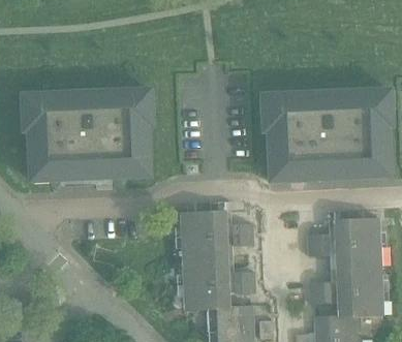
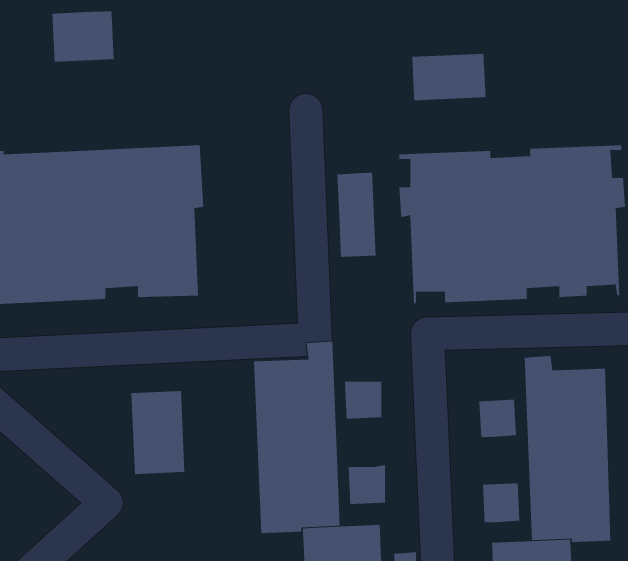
building: none -> [52,10,114,63]
building: none -> [412,53,486,101]
building: none -> [337,172,376,258]
building: none -> [131,390,185,475]

